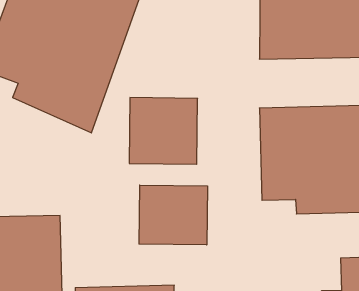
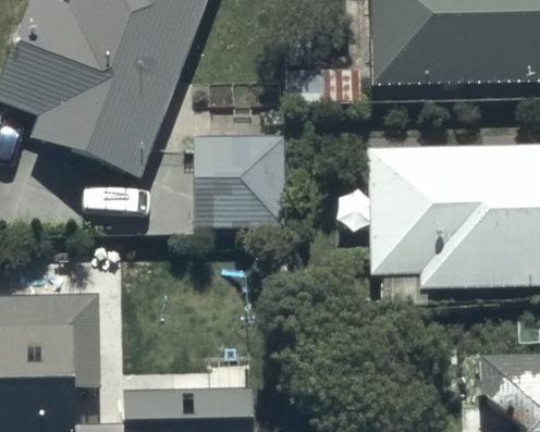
building: [139,185,207,245] -> none

